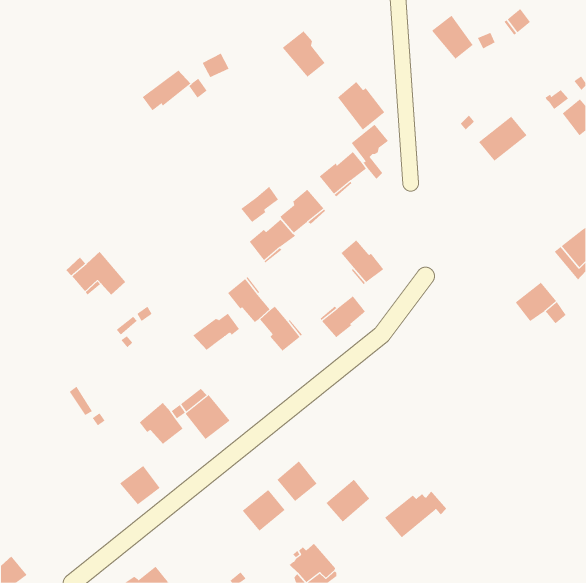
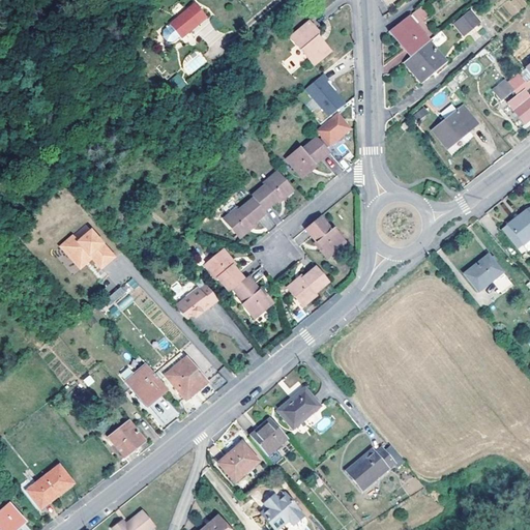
building: [282,31,325,78] -> [291,22,330,64]
building: none -> [404,40,441,81]
building: [142,70,191,111] -> [163,4,207,41]
building: [240,186,279,223] -> none
building: [325,479,370,522] -> [277,387,318,426]
building: none -> [28,467,71,506]

